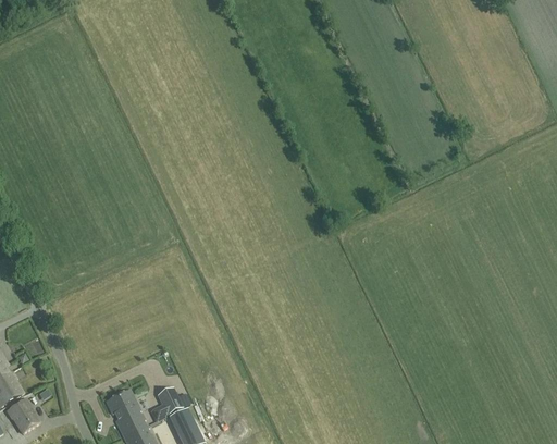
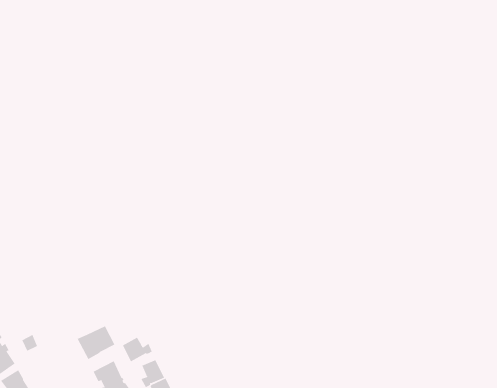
building: none -> [77,326,115,360]
building: none -> [122,337,153,362]

